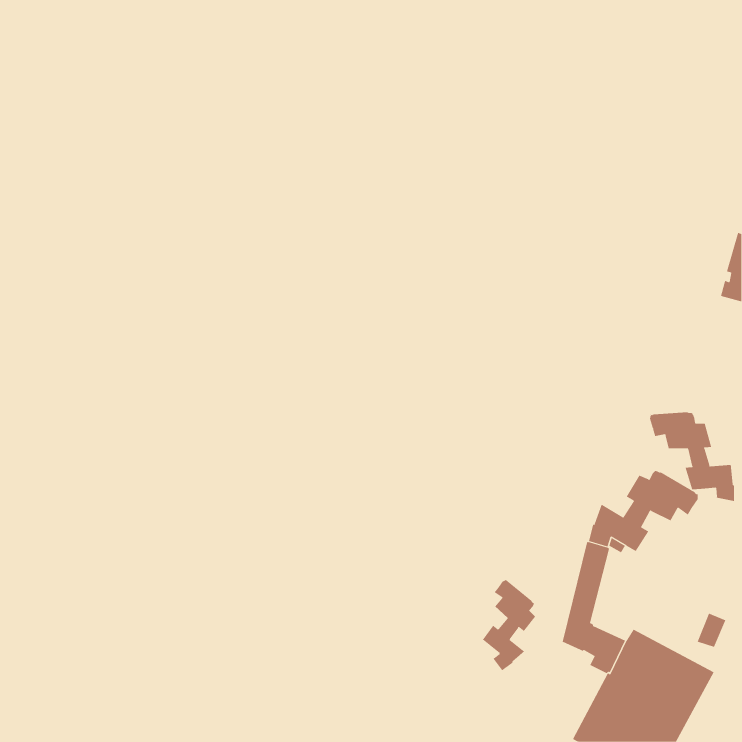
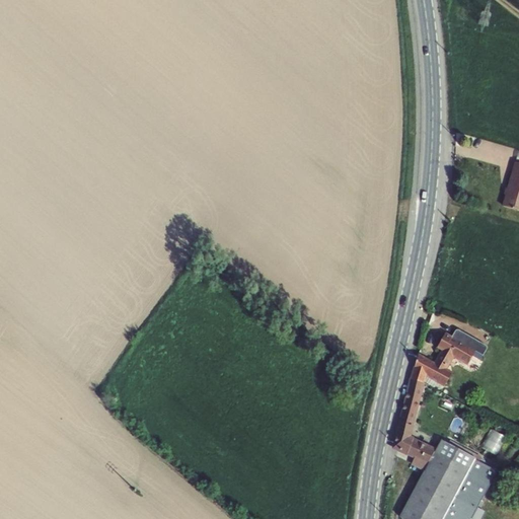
building: [649,412,735,502] -> none
building: [482,579,536,671] -> none

